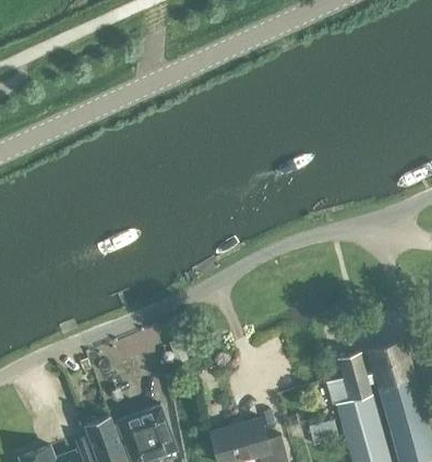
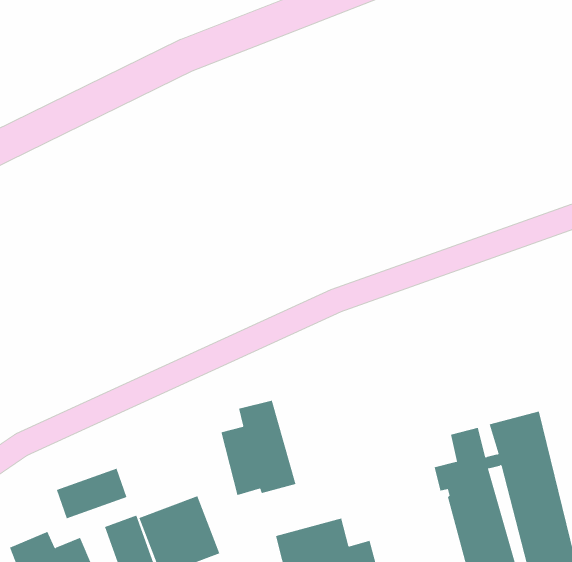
building: none -> [221,400,296,496]
building: none -> [56,468,127,519]

